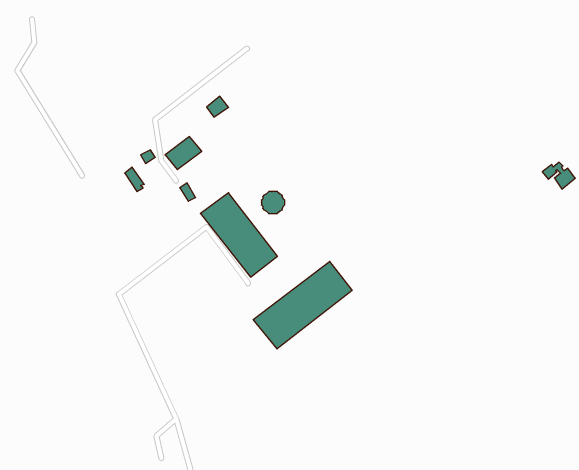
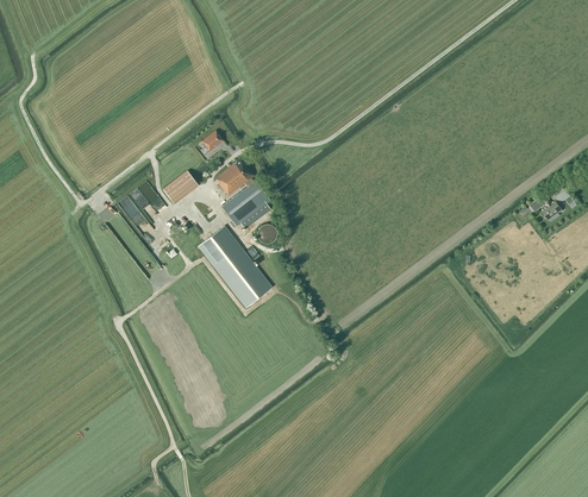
building: none -> [215,158,270,229]
building: [253,261,352,349] -> none

